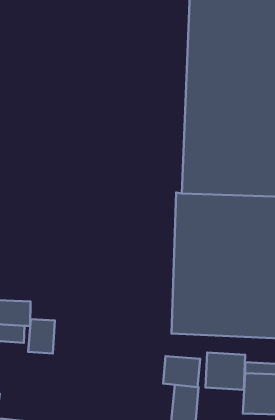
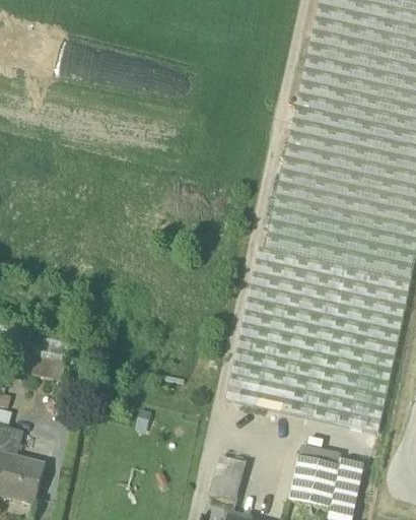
building: [28,319,55,353] -> none
building: [206,353,245,390] -> none
building: [163,356,200,387] -> none

